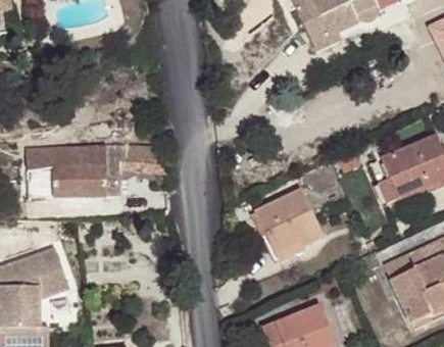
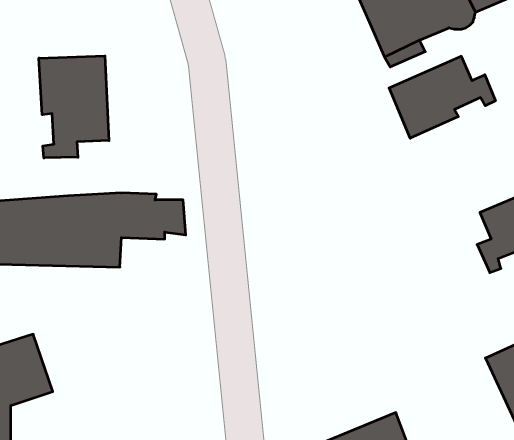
building: none -> [39,56,109,158]
building: none -> [389,56,495,138]
building: [255,190,323,257] -> none

